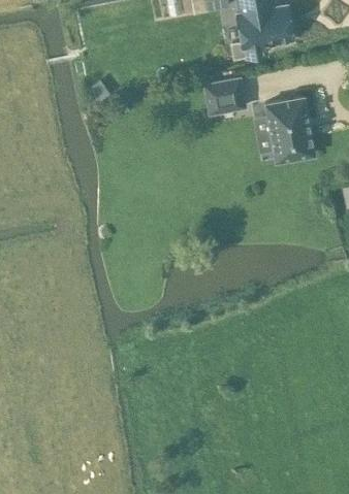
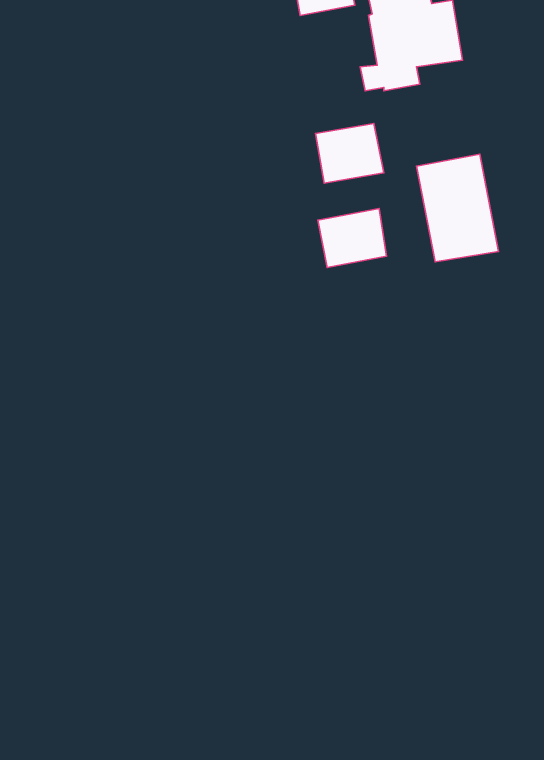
building: none -> [318,208,387,267]

